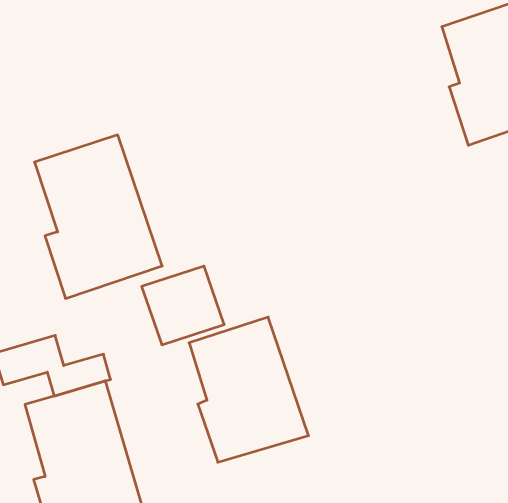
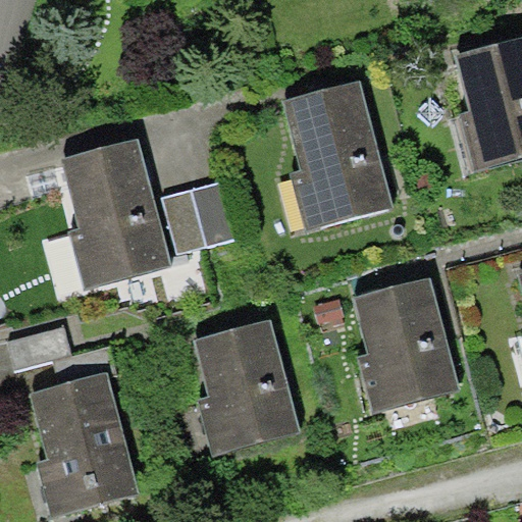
building: none -> [282,80,394,230]
building: none -> [355,280,459,412]
building: [142,266,224,345] -> [162,179,239,252]

